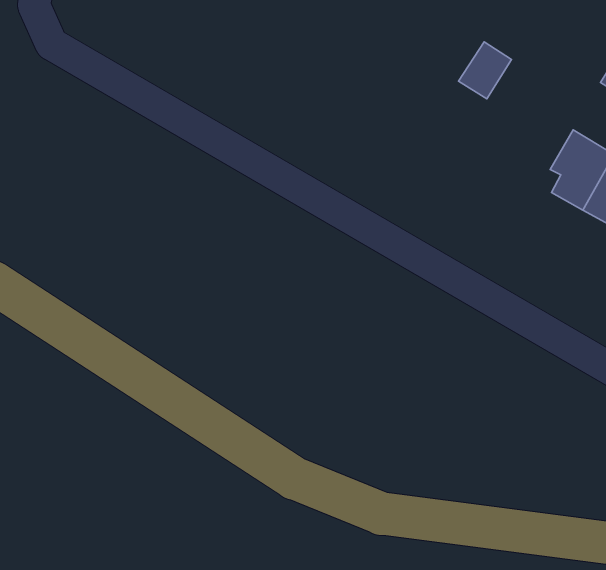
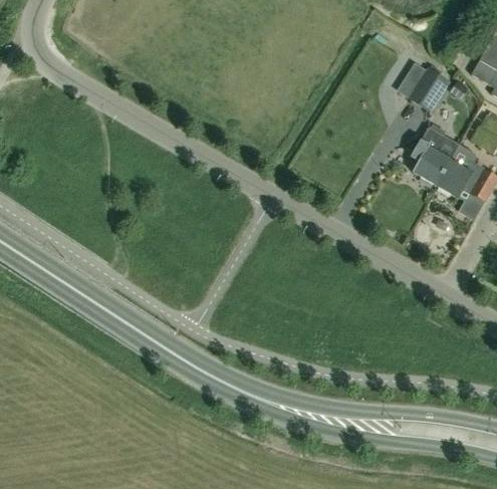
building: [458,42,511,99] -> [409,67,448,109]

